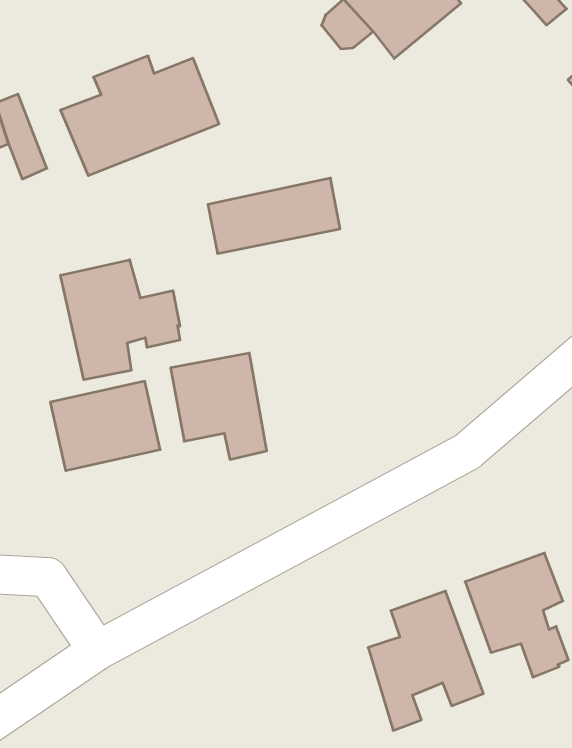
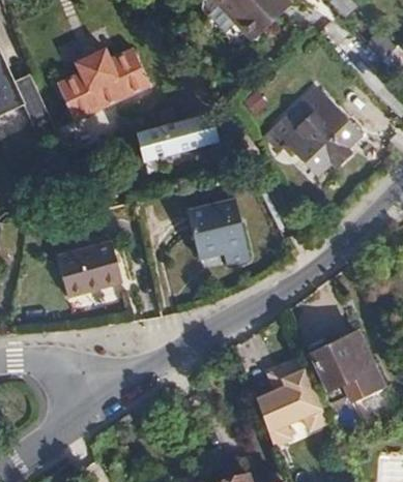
building: none -> [272,88,357,174]
building: [61,260,180,380] -> none
building: [171,353,267,459] -> [188,200,248,264]

